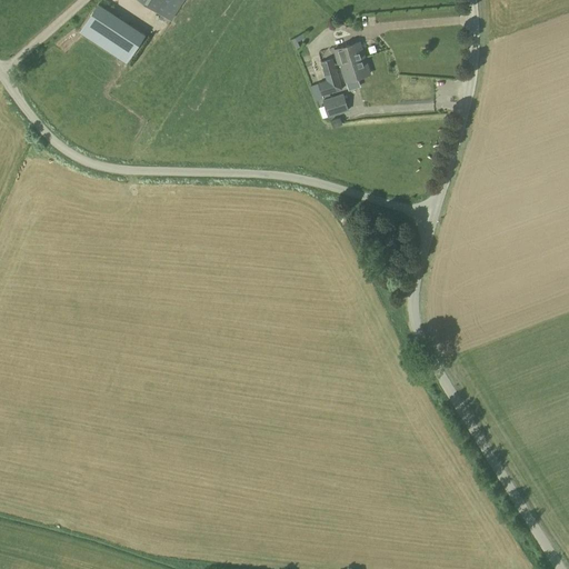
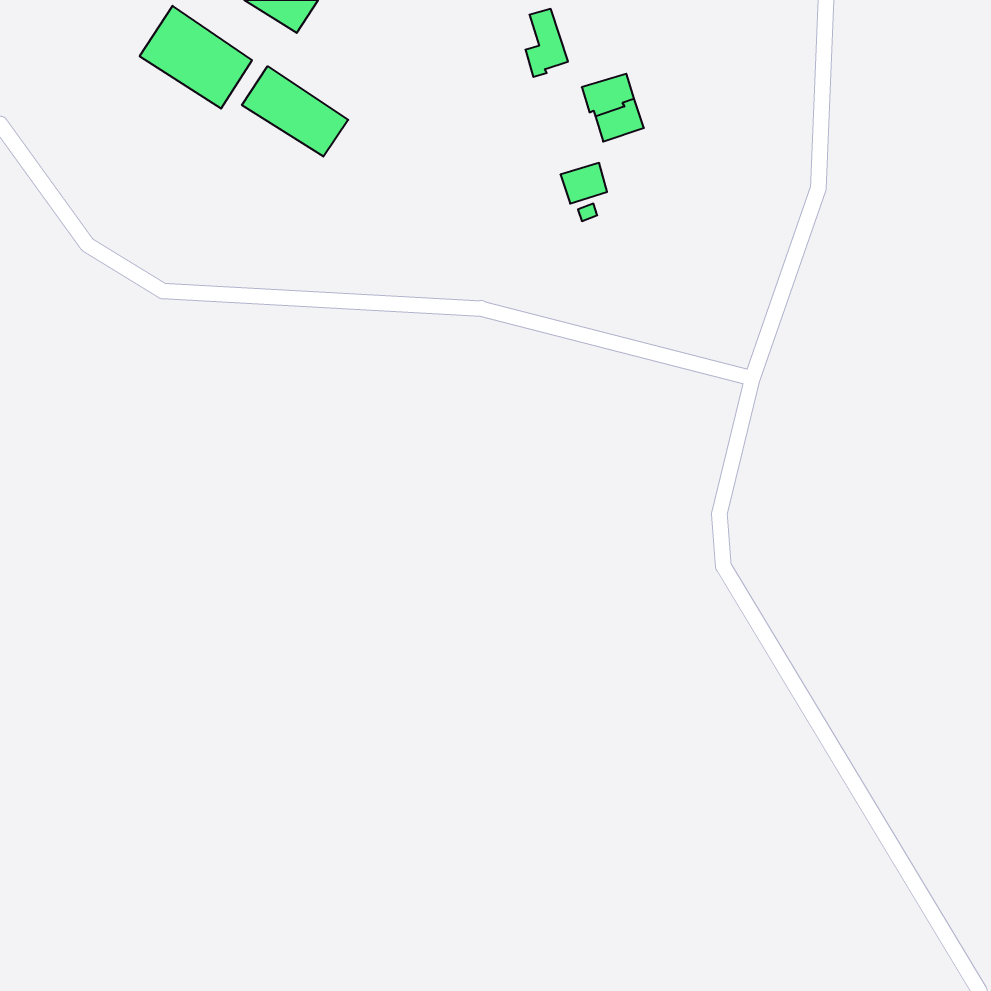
building: none -> [242,66,348,157]
building: [318,59,342,98] -> [525,9,568,77]

